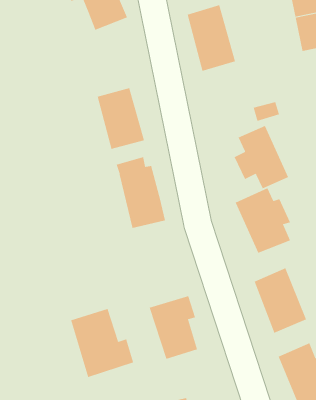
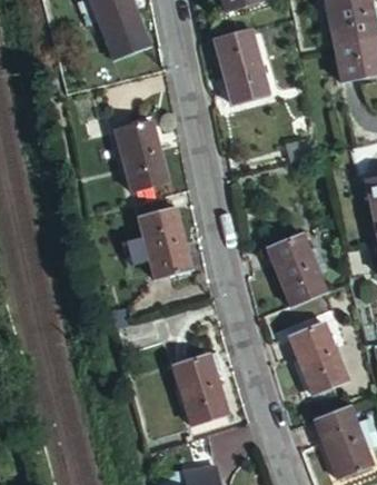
building: [234,125,289,189] -> none
building: [71,308,134,378] -> none

